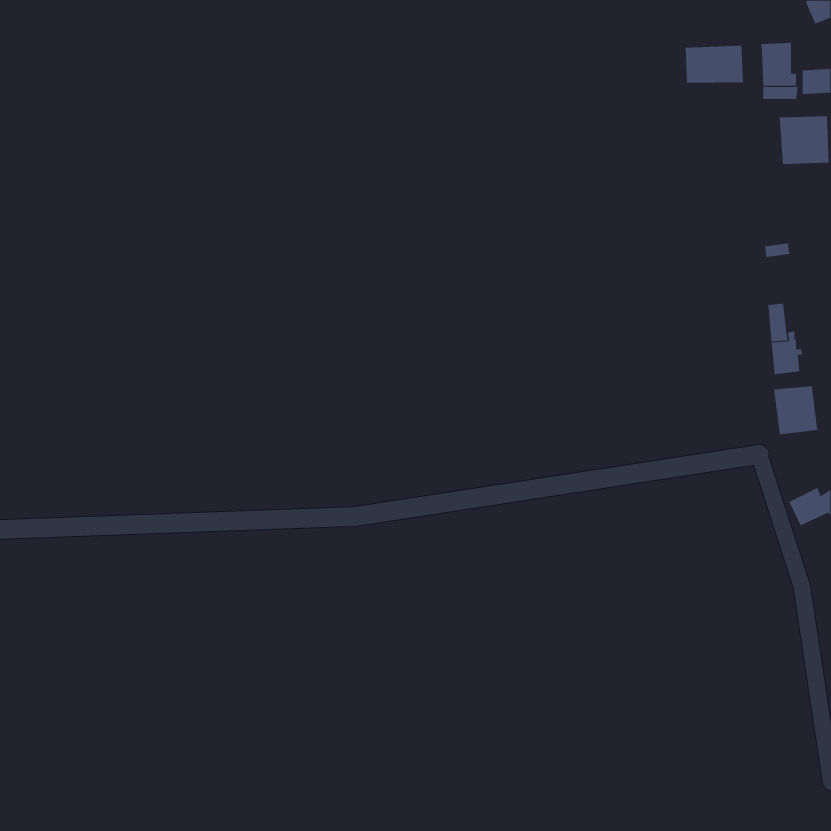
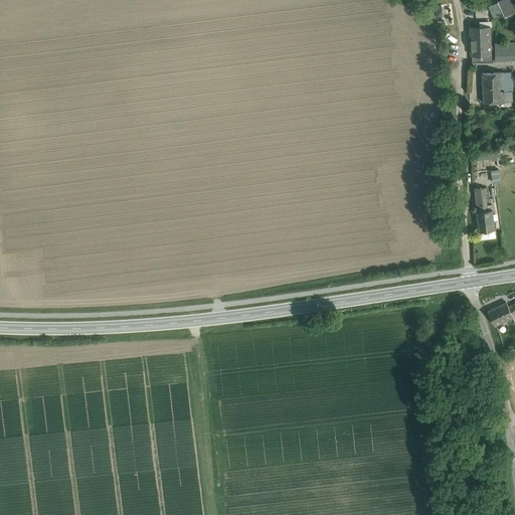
building: [685,45,743,84] -> none
building: [773,386,818,435] -> none

